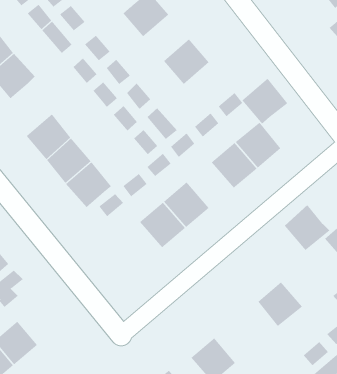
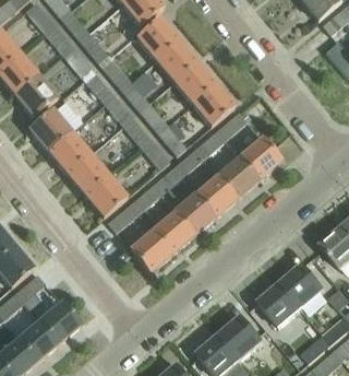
building: none -> [155,38,197,81]
building: [242,78,288,124] -> [192,82,234,125]
building: none -> [29,108,72,150]
building: none -> [195,174,238,215]
building: [284,204,330,251] -> [281,263,324,306]
building: none -> [130,228,172,271]
building: none -> [40,301,81,341]
building: none -> [220,316,262,357]

